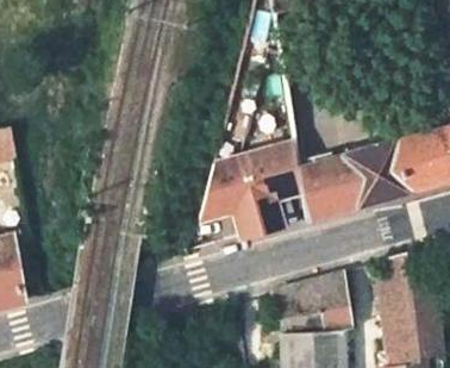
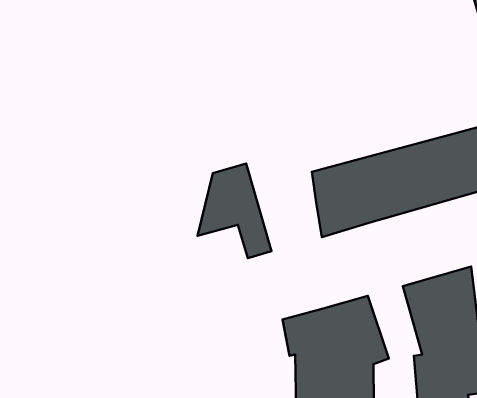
building: [238,144,298,235] -> none

